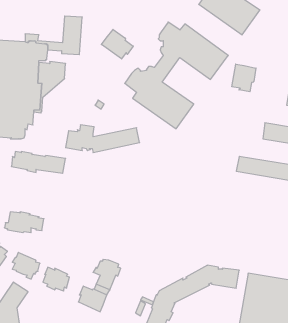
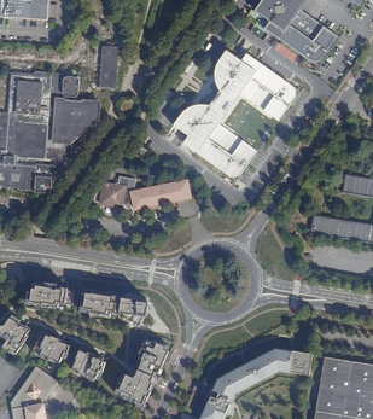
building: [101,29,133,59] -> none
building: [232,64,256,92] -> none
building: [11,152,66,173] -> [80,290,146,316]

